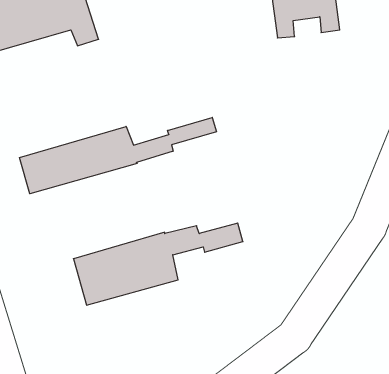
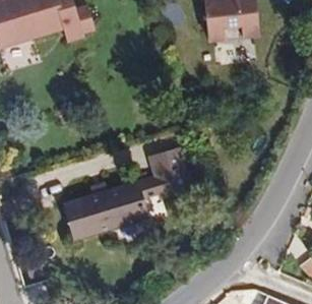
building: [19,117,216,194] -> none
building: none -> [153,145,192,185]

